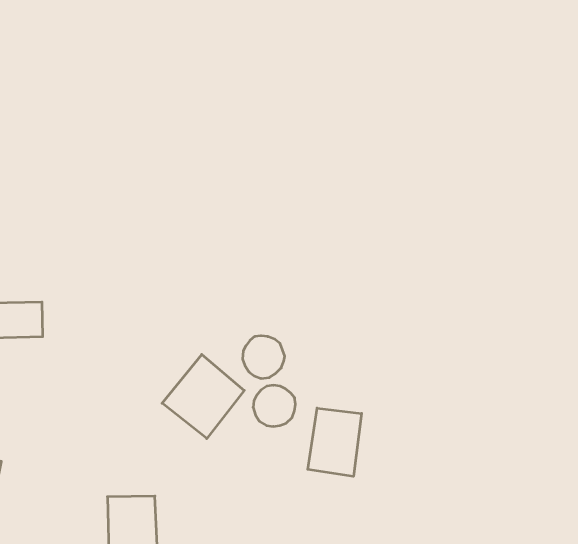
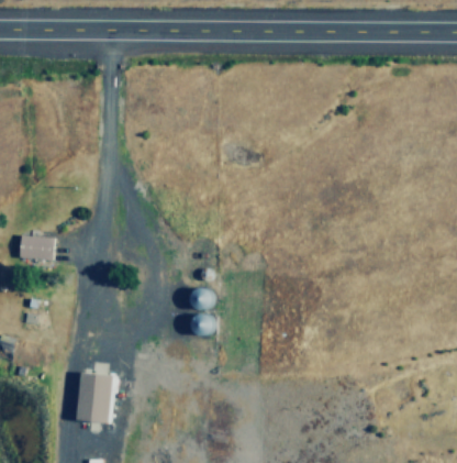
building: [162,354,244,439] -> none
building: [308,408,362,476] -> none

